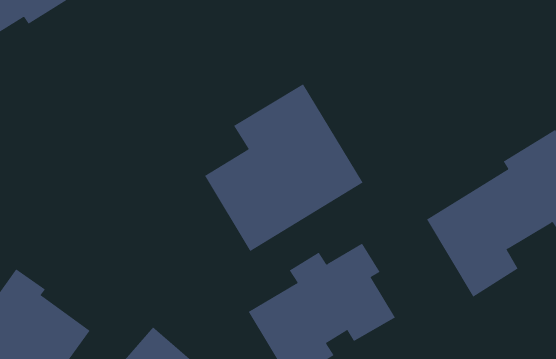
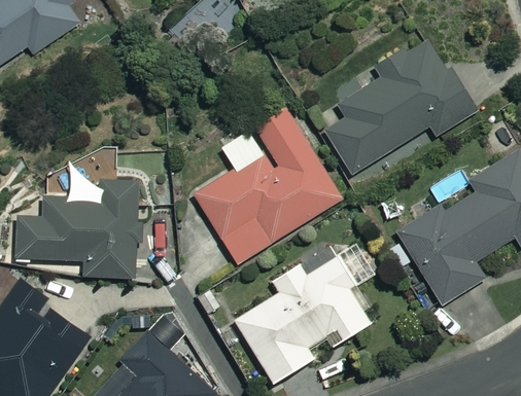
building: none -> [324,37,476,174]
building: none -> [13,177,140,279]

